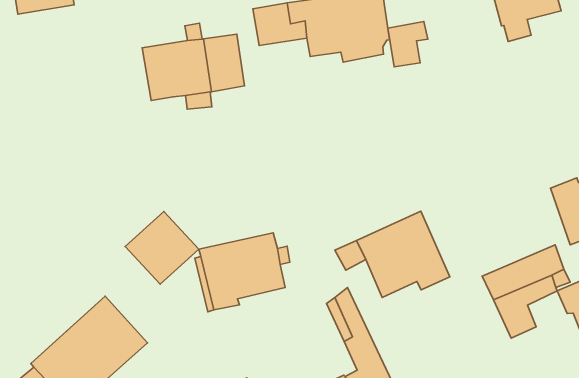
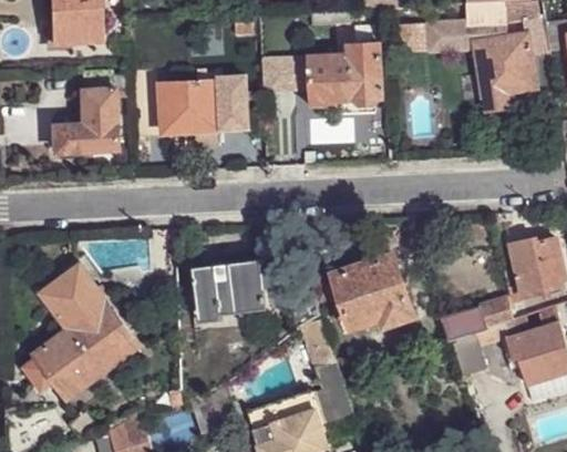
building: [388,22,428,67] -> none
building: none -> [56,71,126,151]
building: [125,211,199,284] -> [39,264,104,328]

